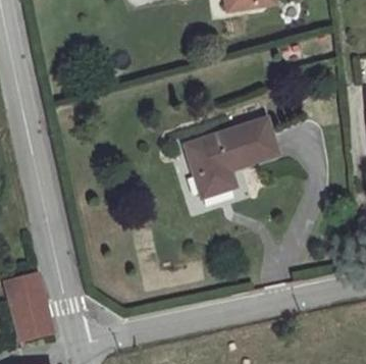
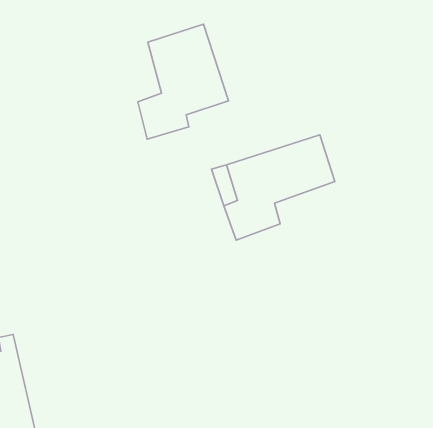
building: none -> [138,24,228,139]

